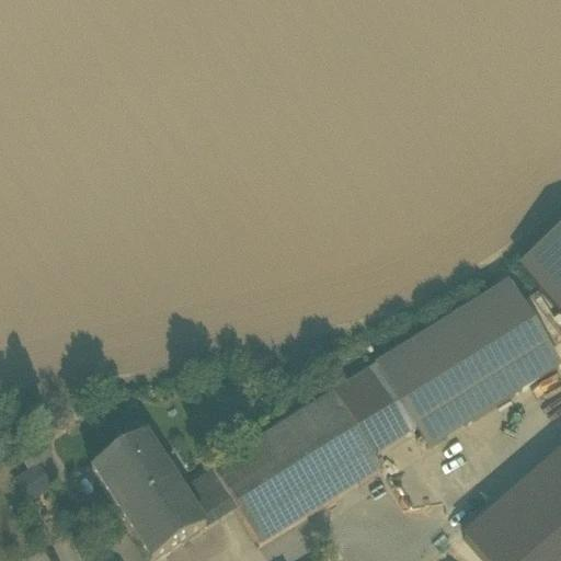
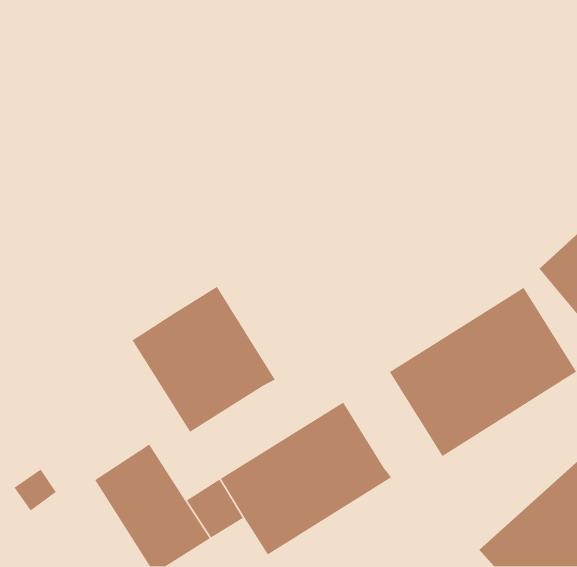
building: none -> [131,286,276,433]
building: [334,359,419,451] -> none

